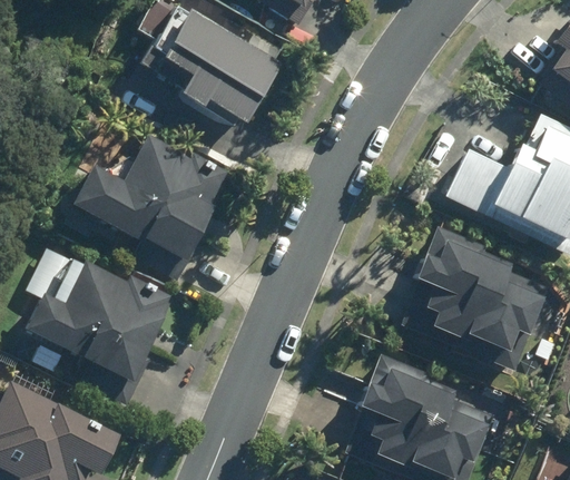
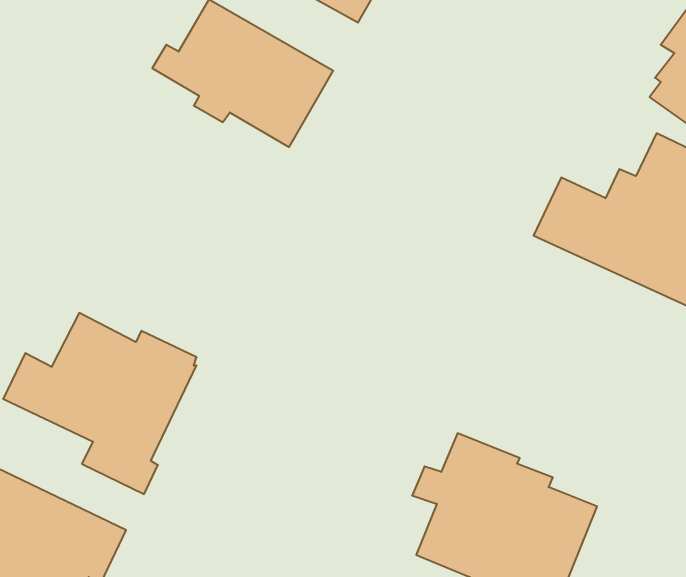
building: [62,131,232,280] -> none
building: [403,224,551,371] -> none

